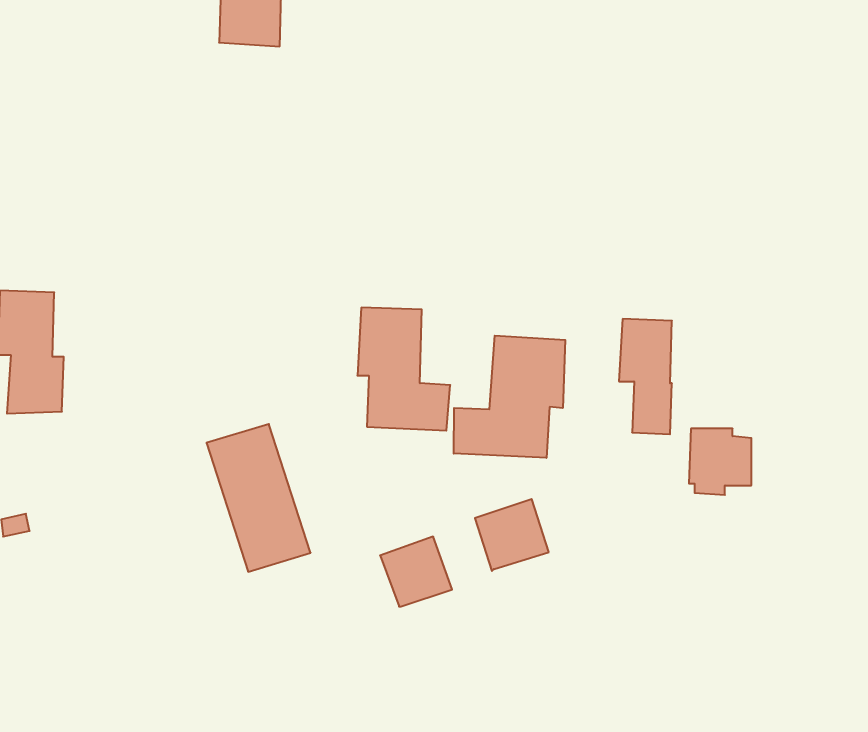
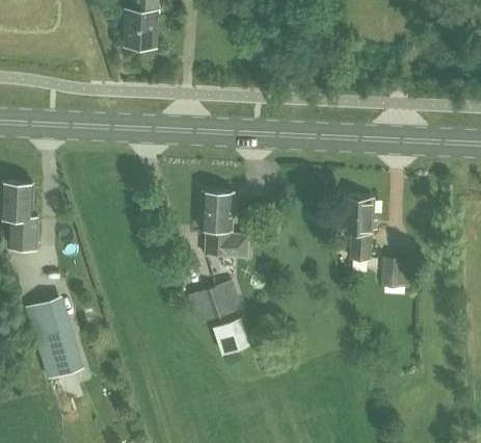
building: [454,336,565,458] -> none
building: [206,424,311,572] -> [26,297,83,379]
building: [475,499,549,571] -> [201,280,241,319]

